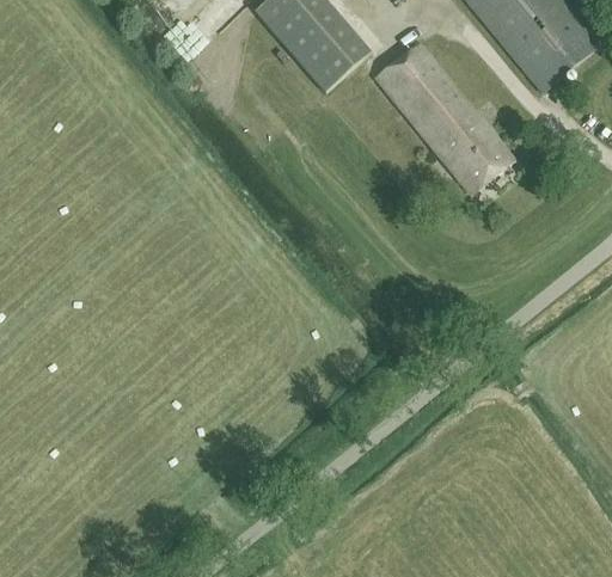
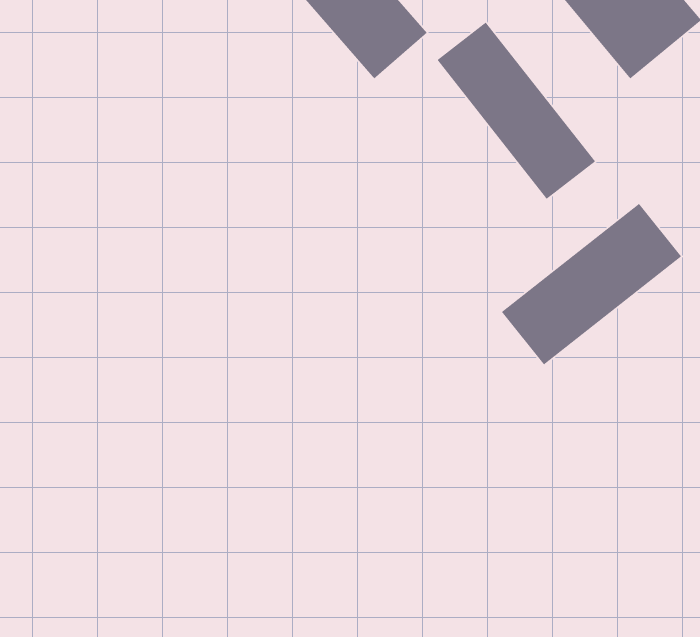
building: none -> [501,203,682,365]

